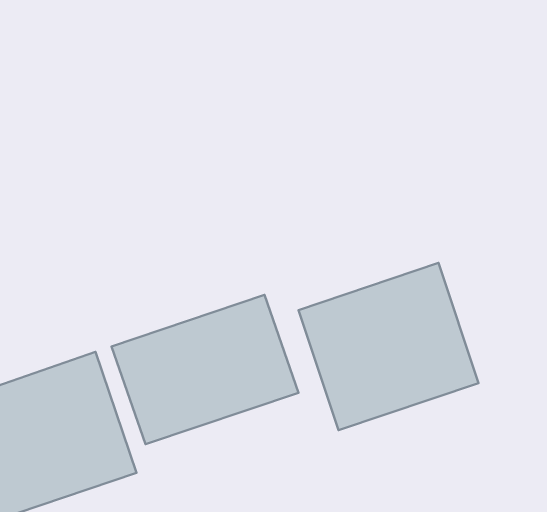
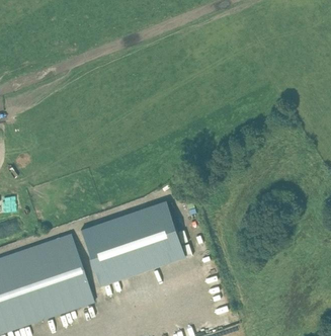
building: [299,263,478,430] -> none

